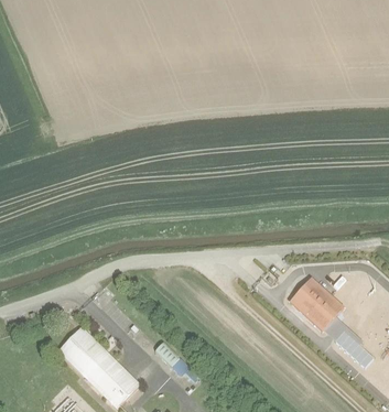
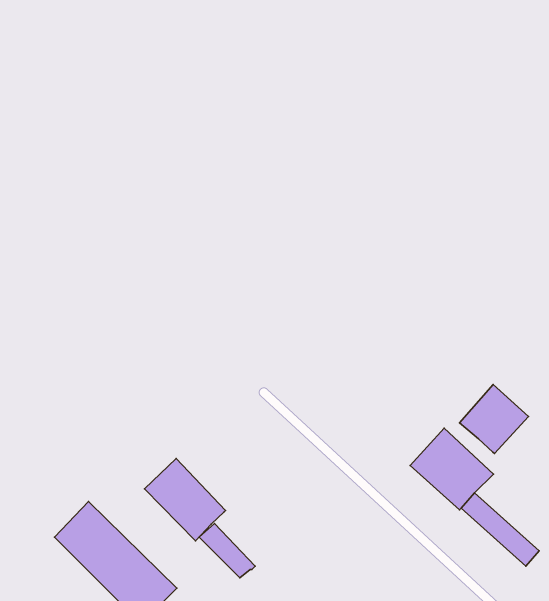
building: none -> [459,384,529,454]
building: none -> [145,458,226,541]

